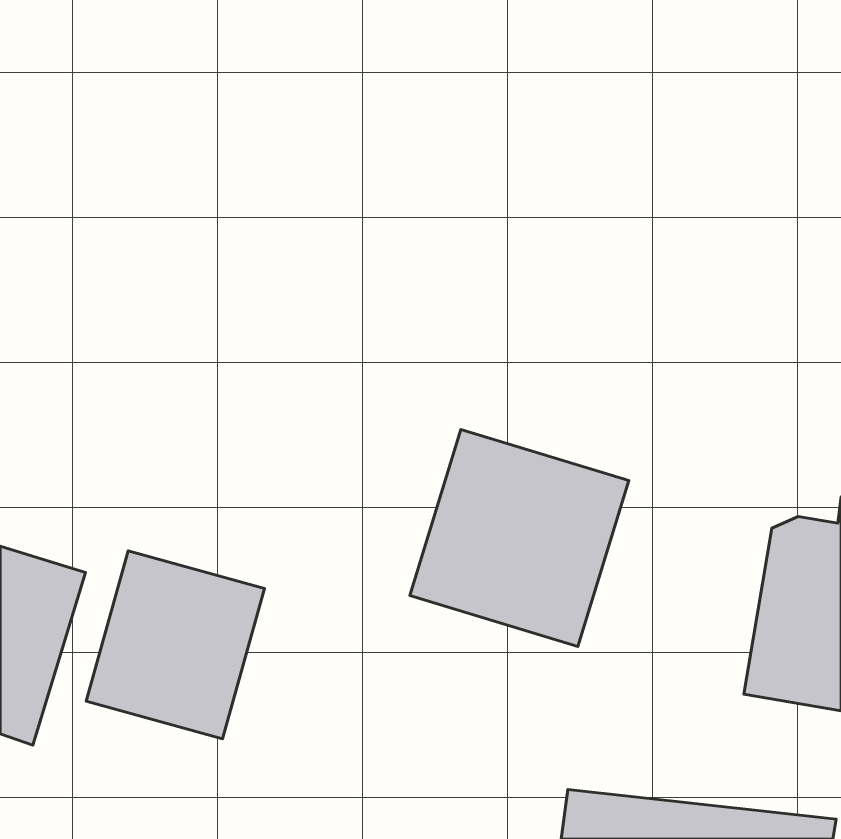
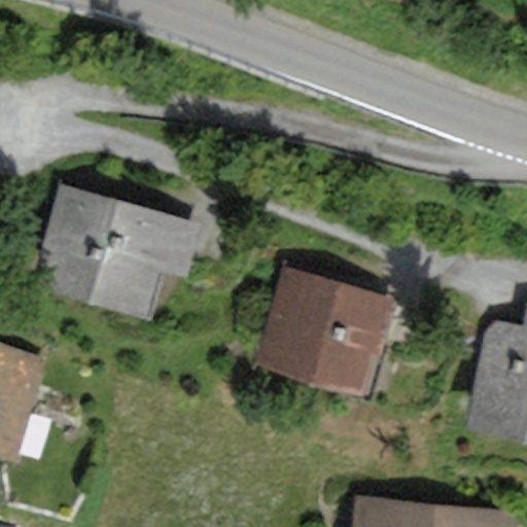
building: none -> [31,183,207,320]
building: [86,551,264,739] -> none

